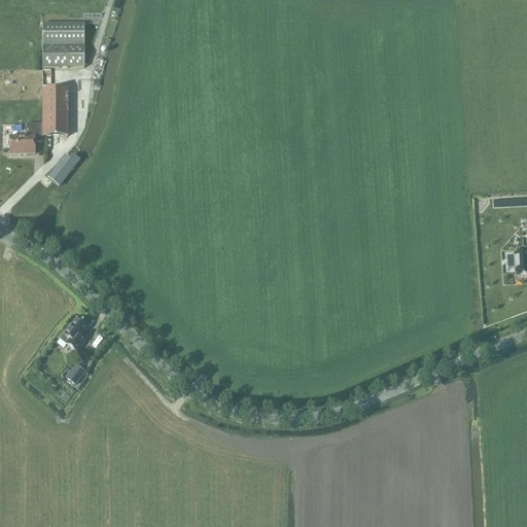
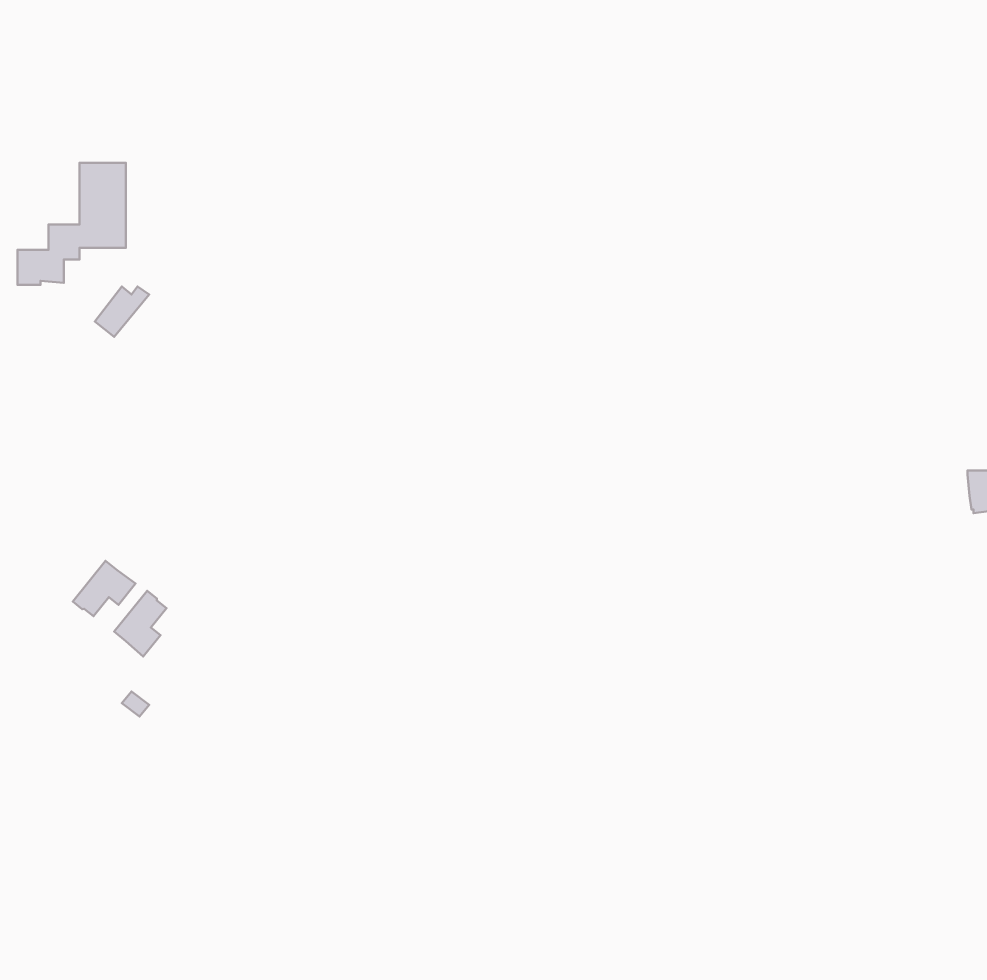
building: [43,22,84,64] -> none
building: none -> [73,561,135,616]

